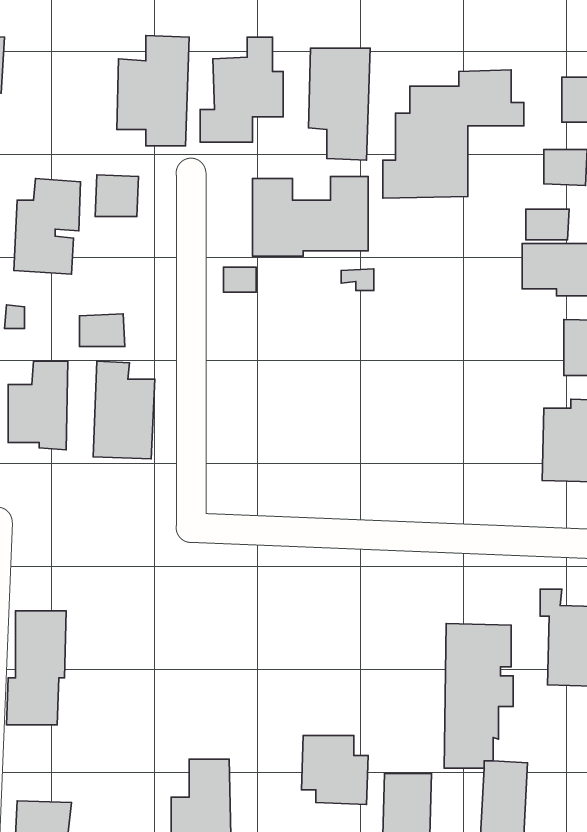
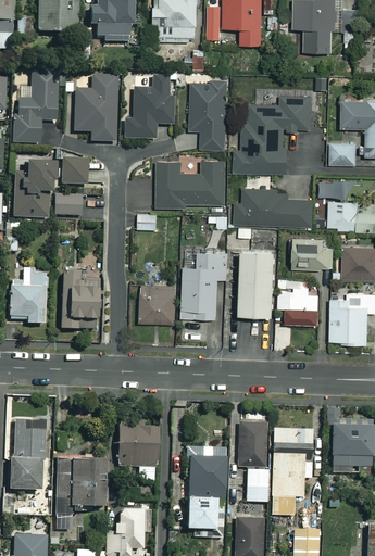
building: none -> [13,71,55,143]
building: none -> [235,189,313,226]
building: none -> [290,239,334,269]
building: [80,314,125,347] -> [55,195,83,215]
building: none -> [237,250,271,315]
building: none -> [182,252,227,318]
building: none -> [139,285,177,323]
building: none -> [283,287,318,324]
building: none -> [116,420,158,481]
building: none -> [238,424,267,502]
building: none -> [186,446,225,495]
building: none -> [54,458,102,529]

